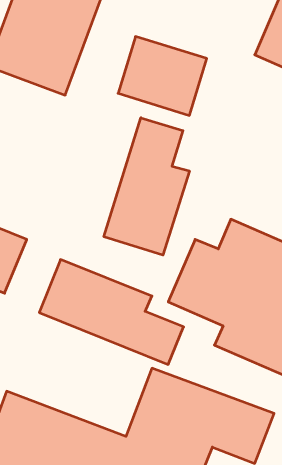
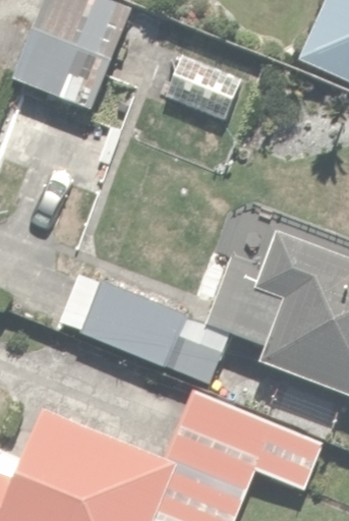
building: [104,118,189,255] -> none

